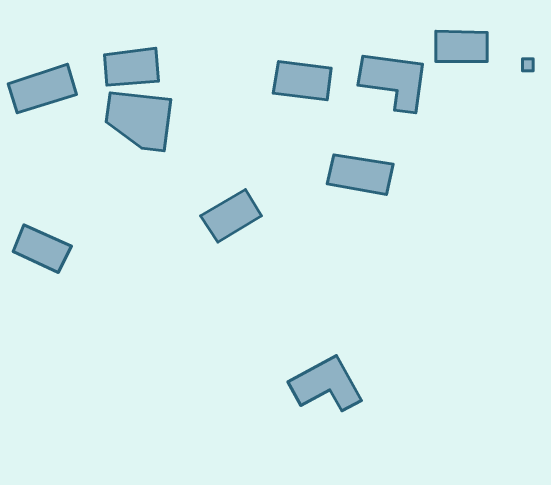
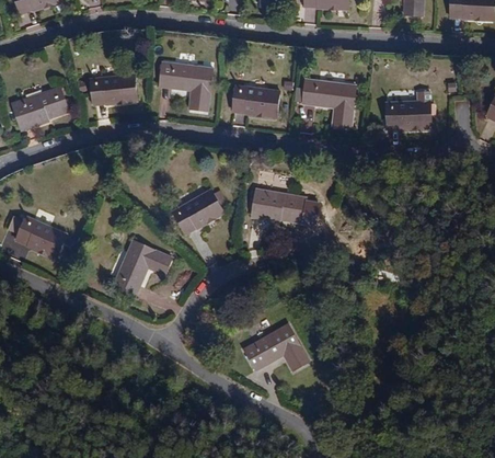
building: [436,31,487,62] -> [389,100,431,125]
building: [106,93,171,151] -> [160,61,214,110]
building: [327,155,393,194] -> [251,190,306,222]
building: none -> [113,242,171,297]

